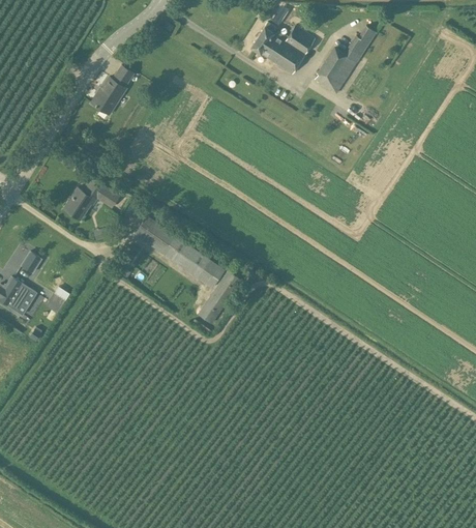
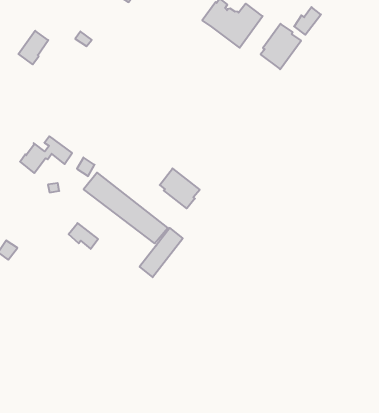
building: [93,78,124,114] -> [18,31,48,64]
building: none -> [160,168,200,208]
building: none -> [69,223,98,249]

